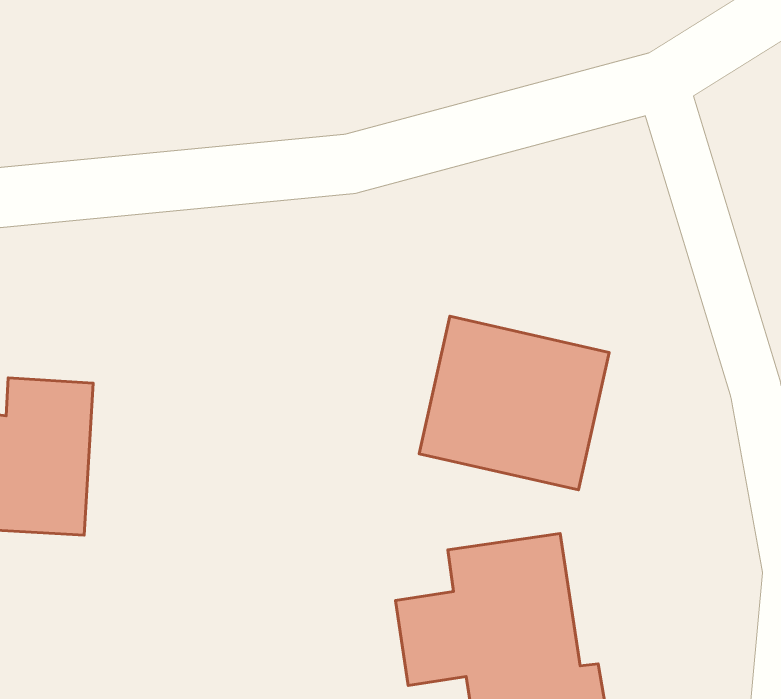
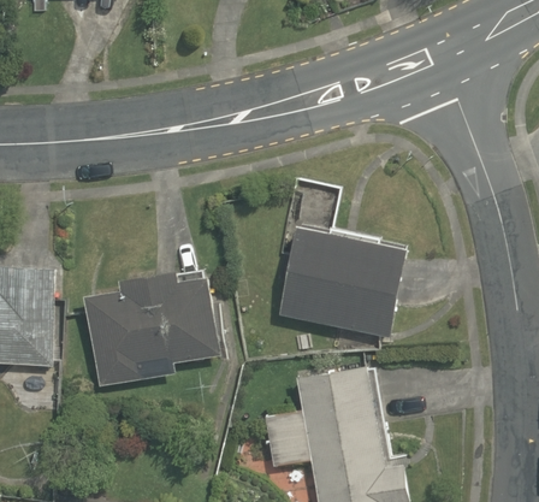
building: none -> [84,271,219,389]

